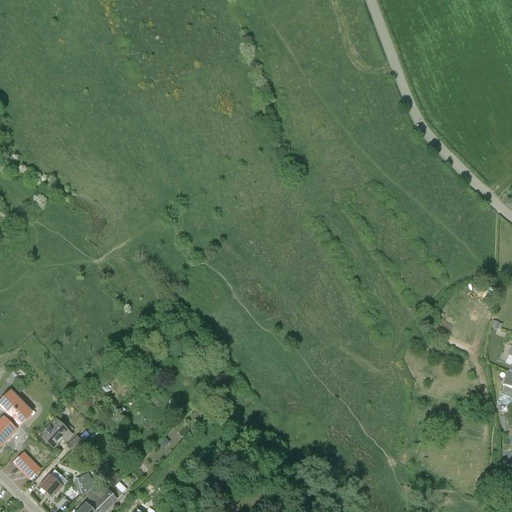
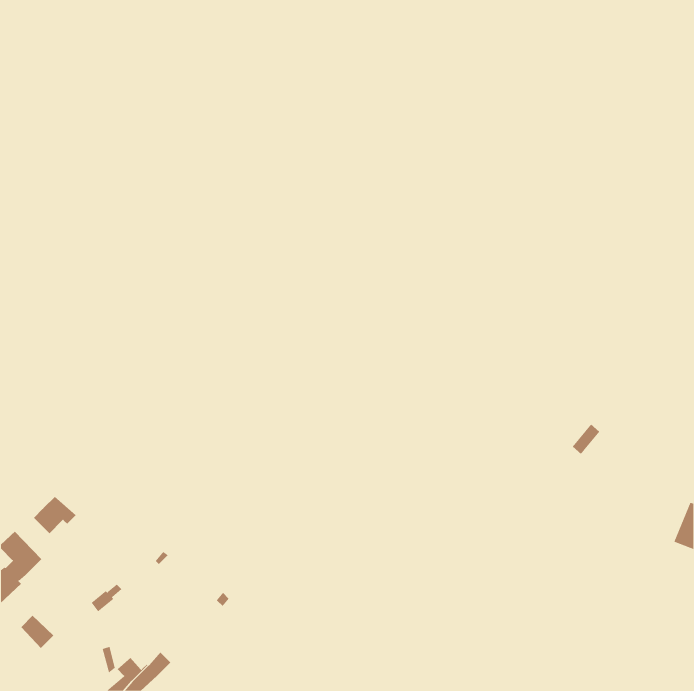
building: [41,418,73,446] -> [33,496,77,534]
building: [40,469,67,495] -> none

